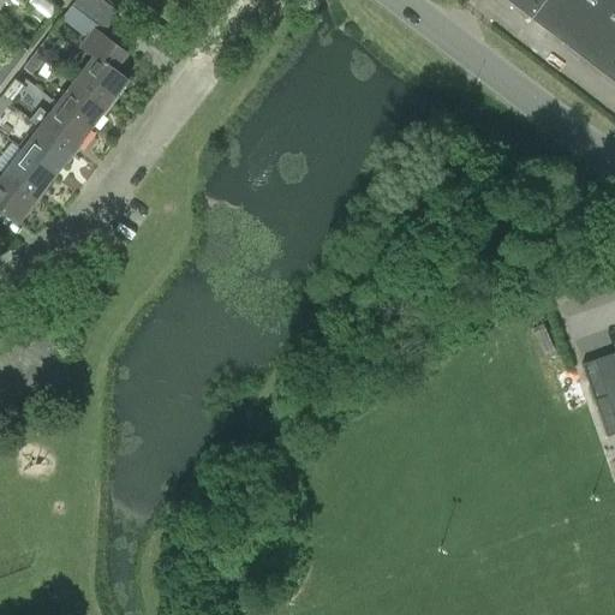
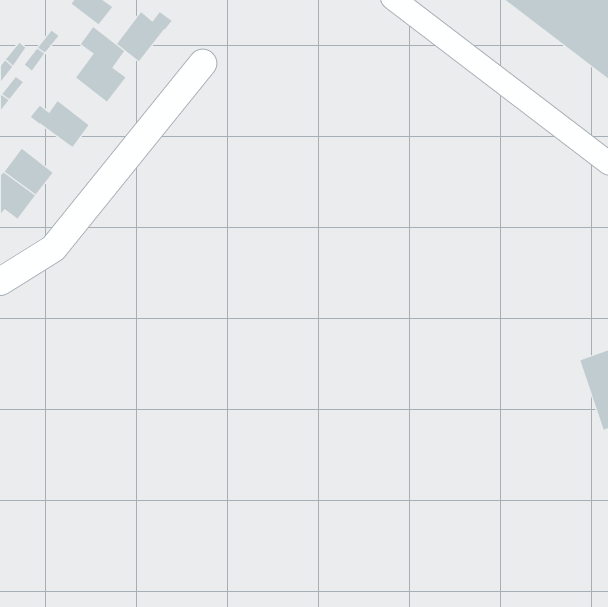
building: none -> [116,11,173,62]
building: [59,78,109,126] -> none
building: [23,125,74,174] -> none

